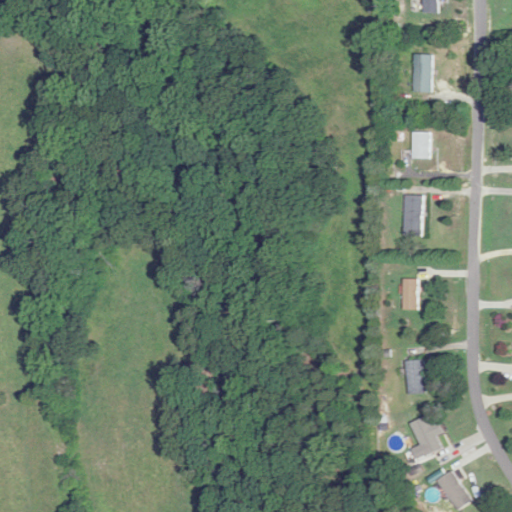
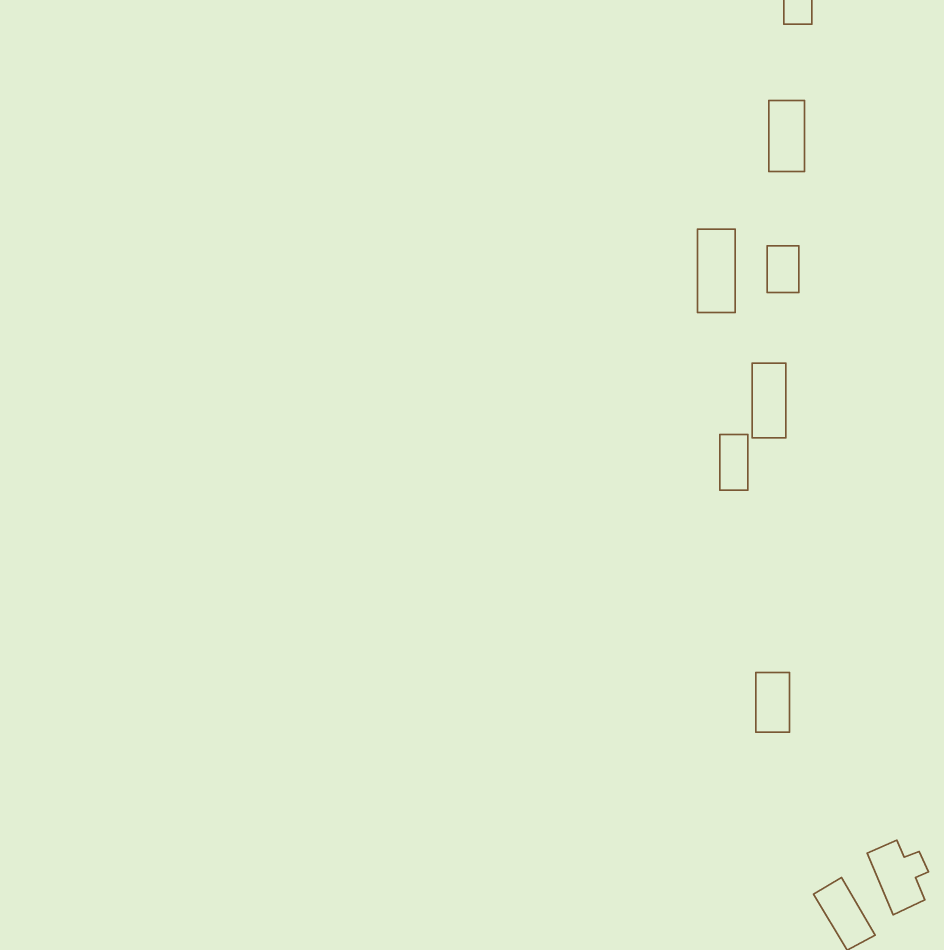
building: none -> [698,229,735,312]
building: [402,279,417,309] -> [720,434,748,490]
building: [410,416,443,456] -> [867,840,928,915]

